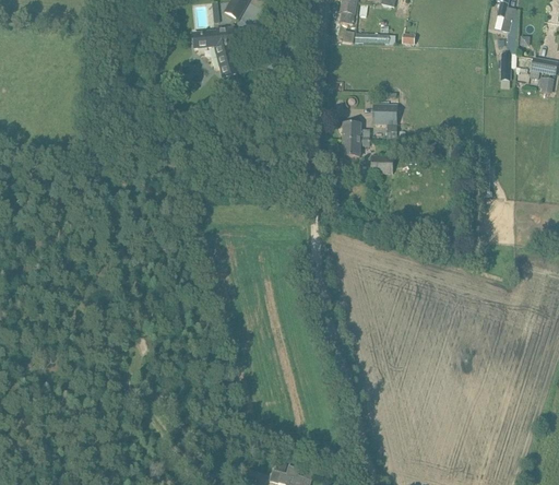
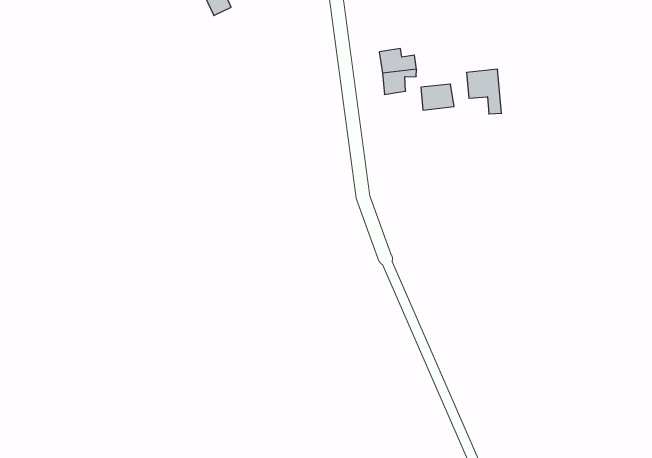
building: [372,103,397,138] -> [466,69,502,114]

